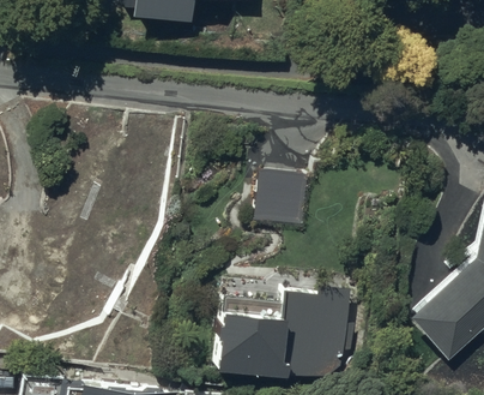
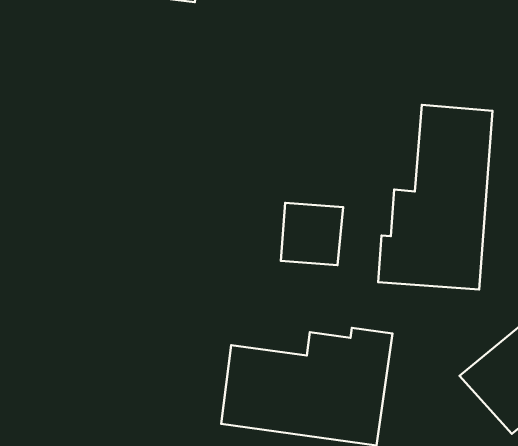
building: none -> [378,105,492,289]

